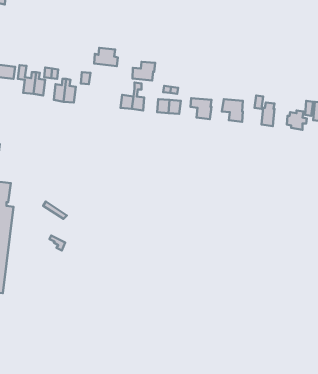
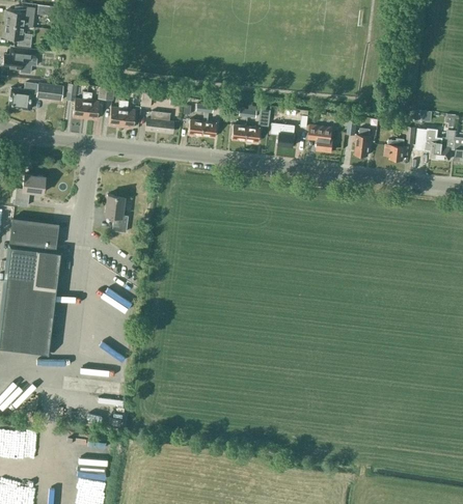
building: [94,48,118,66] -> [145,111,173,133]
building: [132,62,155,81] -> none
building: none -> [105,195,128,232]

